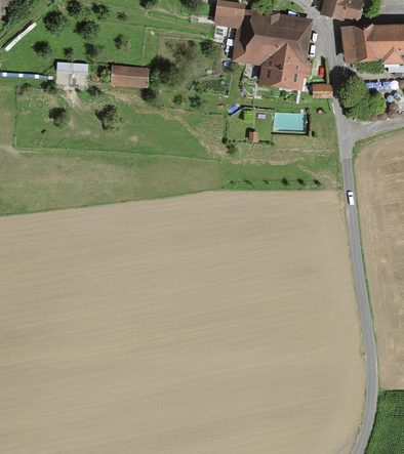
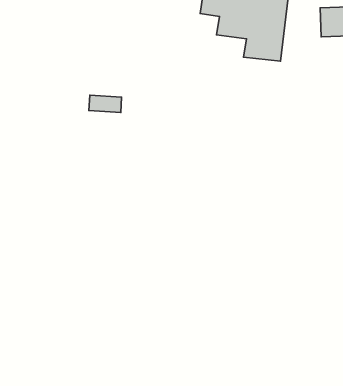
building: [58,61,86,86] -> none
building: [112,65,147,83] -> [89,95,122,113]

